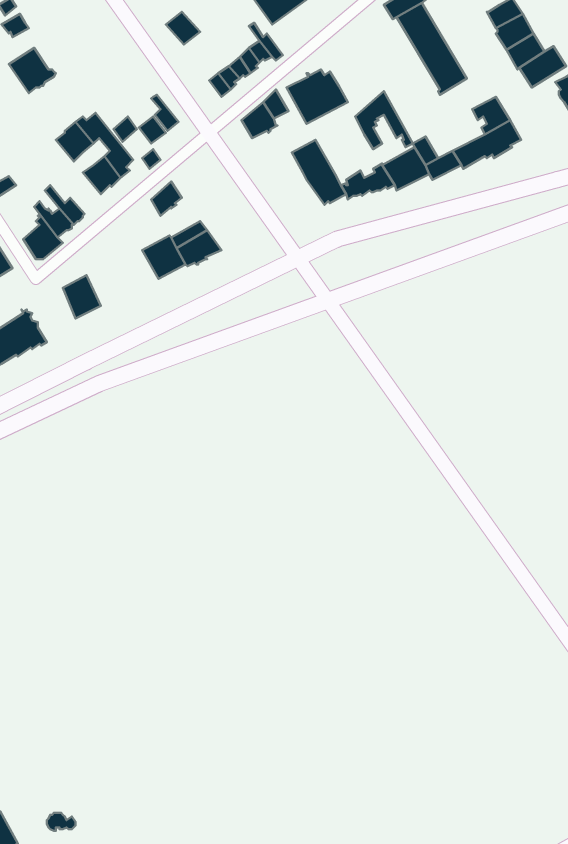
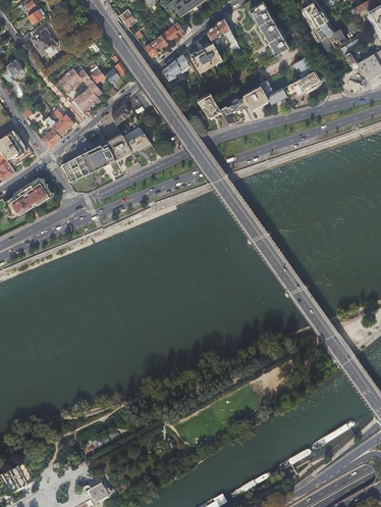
building: [355,91,413,149] -> [207,18,239,51]
building: none -> [74,144,115,175]

